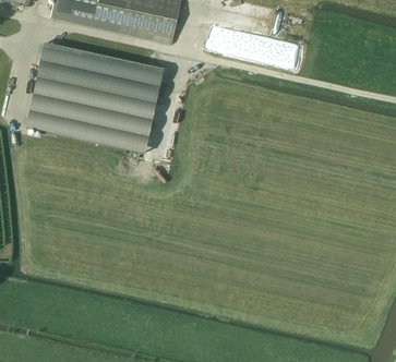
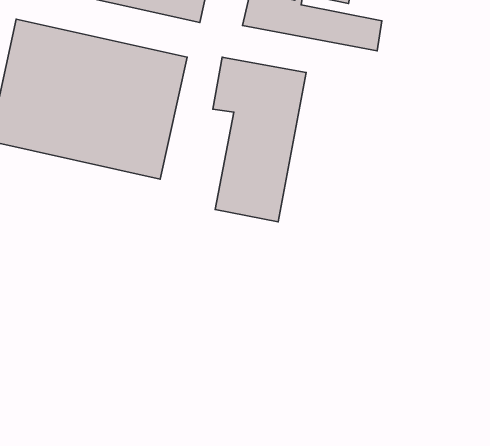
building: none -> [213,57,306,222]

